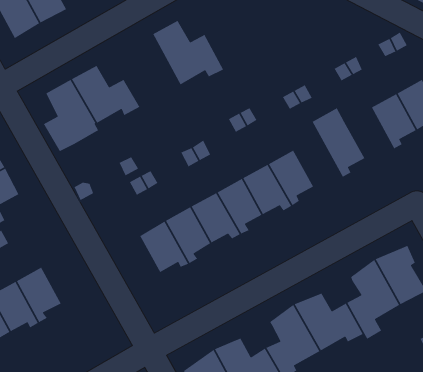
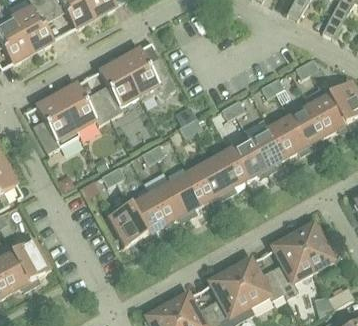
building: none -> [97,59,141,116]
building: none -> [269,116,307,156]
building: none -> [229,138,267,178]

